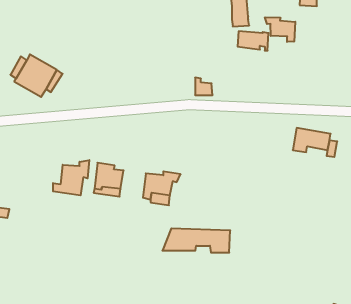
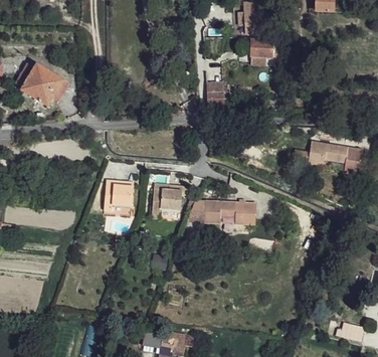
building: [265,17,295,42] -> none
building: [53,160,89,195] -> none
building: [162,228,230,253] -> [188,200,258,225]

